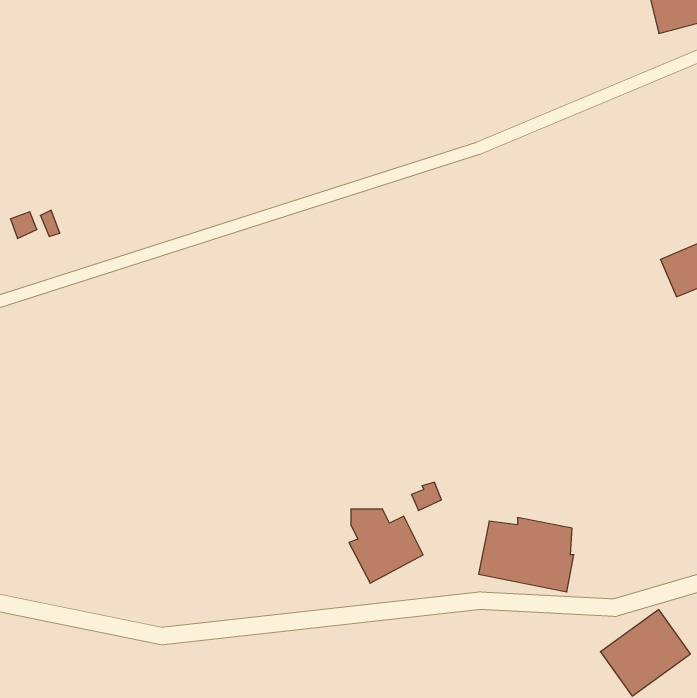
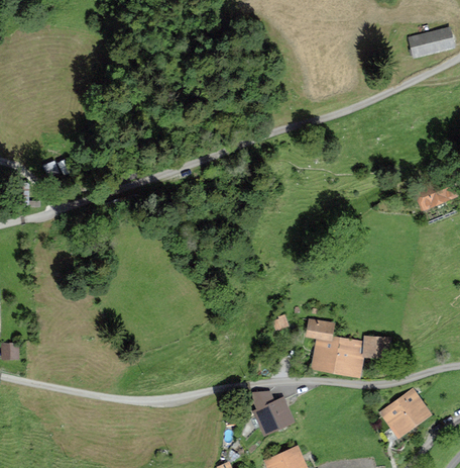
building: none -> [305,319,334,340]
building: [349,509,423,583] -> [251,392,294,435]
building: none -> [362,337,392,358]

